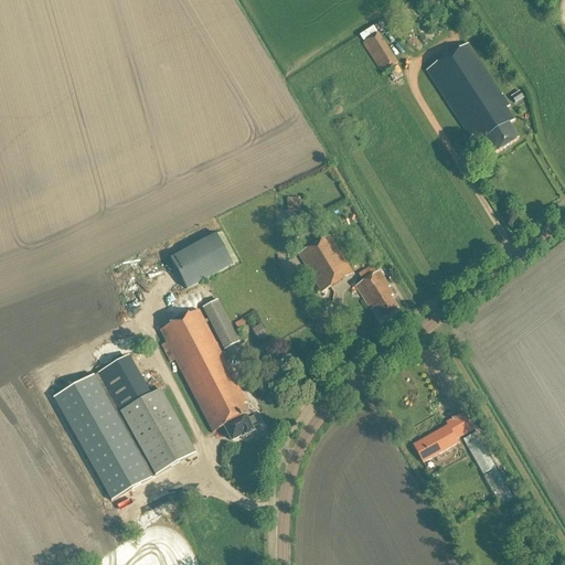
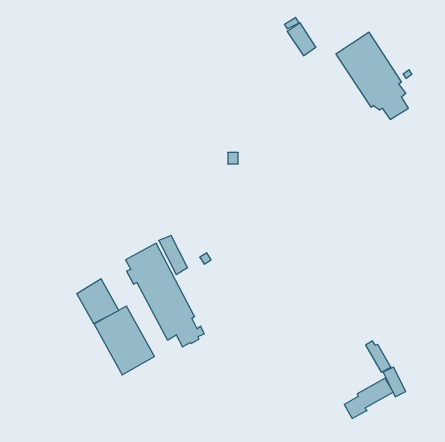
building: [169,231,232,286] -> none
building: [298,233,352,290] -> none
building: [354,268,397,317] -> none
building: [52,373,151,498] -> none
building: [412,409,473,460] -> [344,378,393,418]

